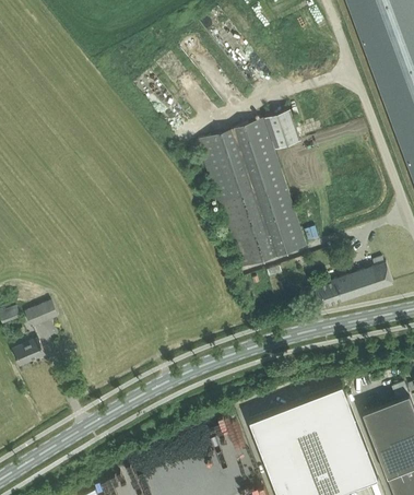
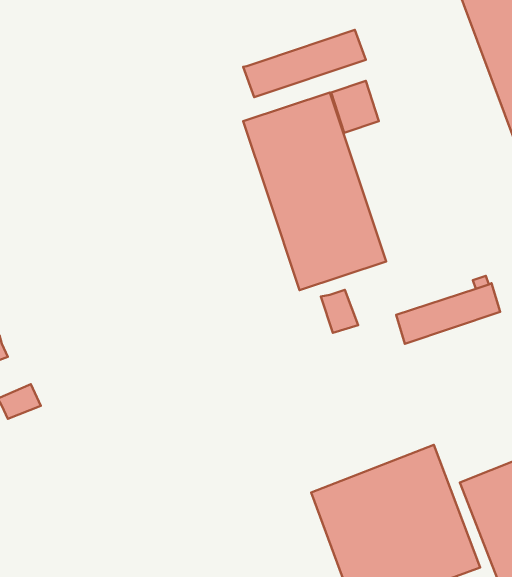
building: none -> [243,30,366,97]
building: none -> [321,290,358,333]
building: [25,303,57,329] -> none

